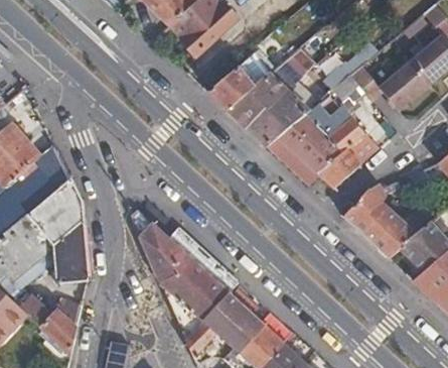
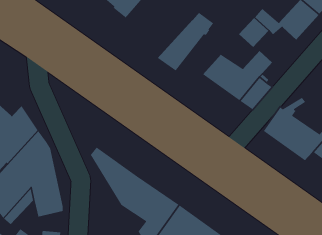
building: [207,49,276,110] -> none
building: [248,90,310,147] -> none

